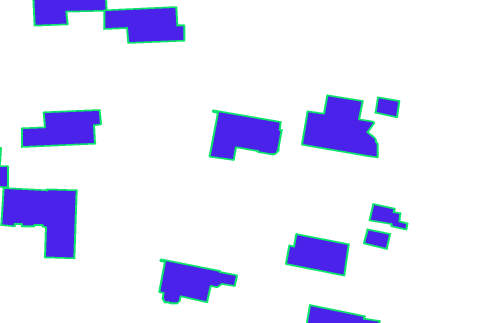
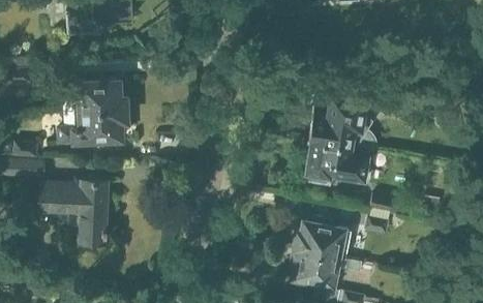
building: [104,7,184,43] -> [56,81,128,113]
building: [210,111,282,160] -> [307,142,372,186]
building: [159,260,237,303] -> [294,249,364,289]

